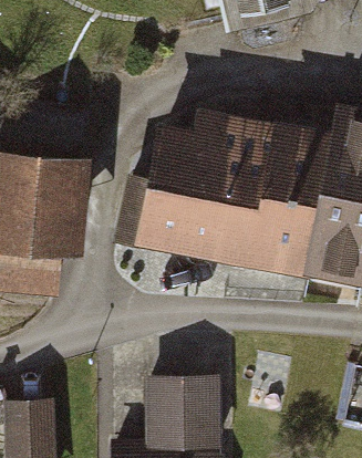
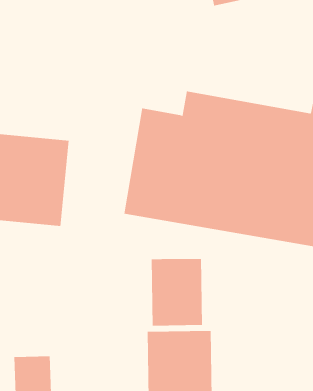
building: none -> [151,258,202,326]

